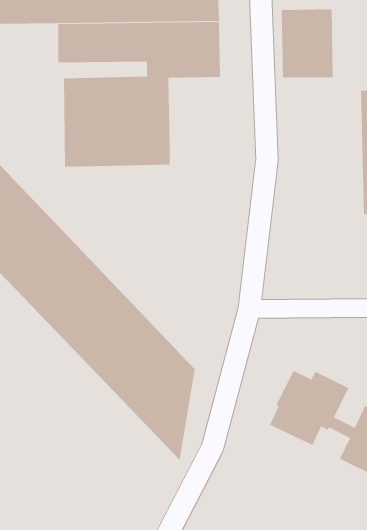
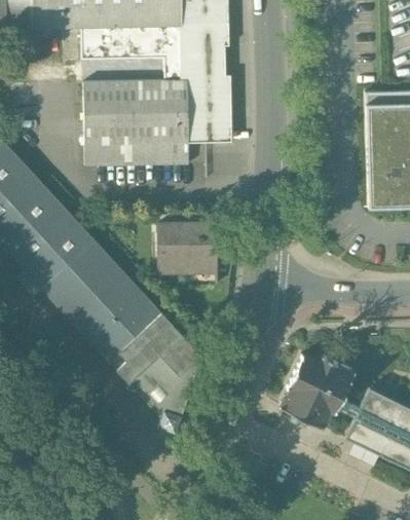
building: [281,9,334,78] -> [185,80,234,145]
building: none -> [156,213,221,272]

